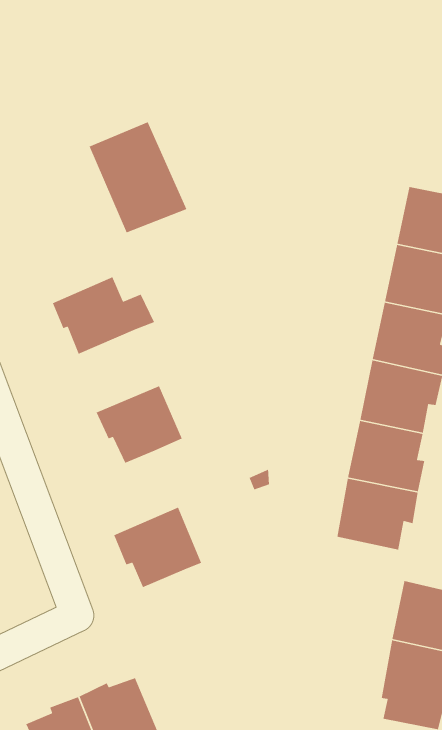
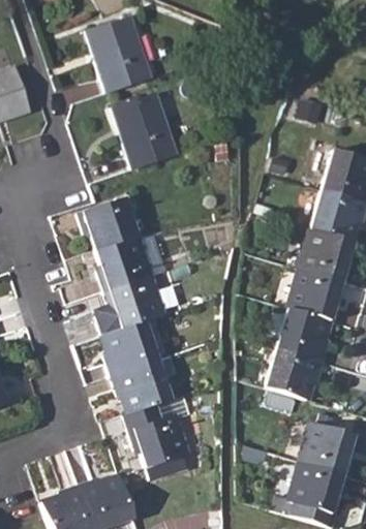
building: none -> [86,15,150,92]
building: none -> [95,235,150,289]
building: none -> [102,319,157,375]
building: none -> [123,403,188,468]

